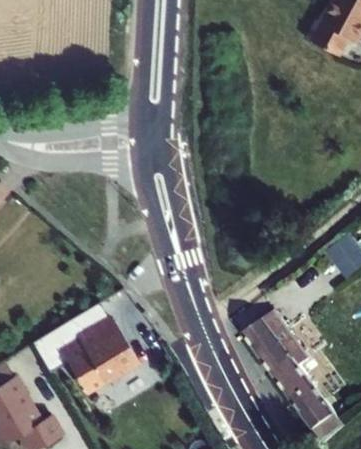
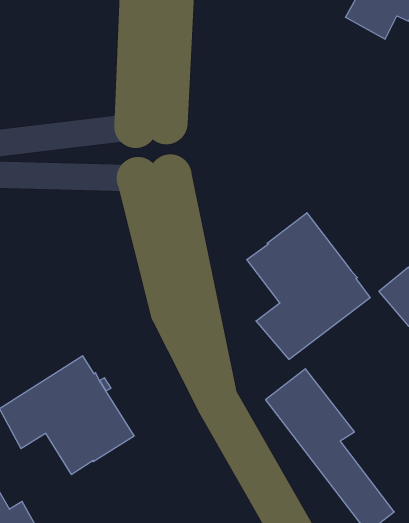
building: none -> [247,213,370,359]

